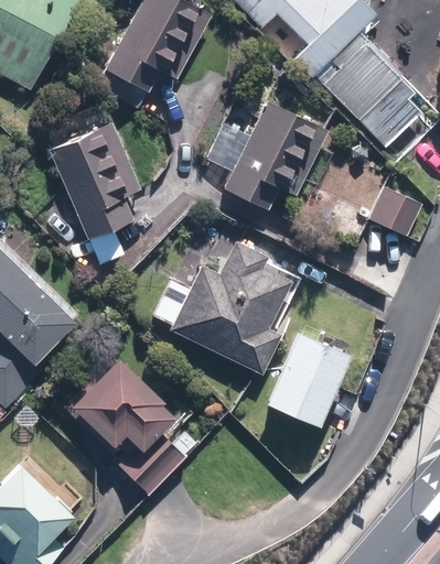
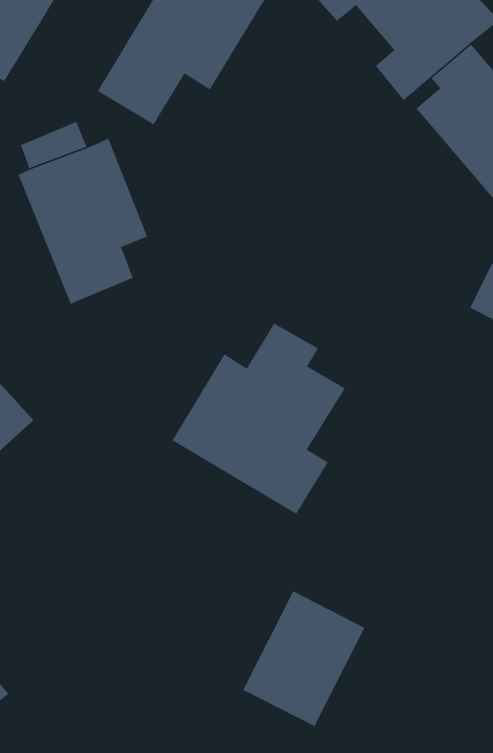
building: [225,99,330,208] -> none
building: [264,333,346,427] -> [242,590,365,727]
building: [64,356,184,494] -> none

